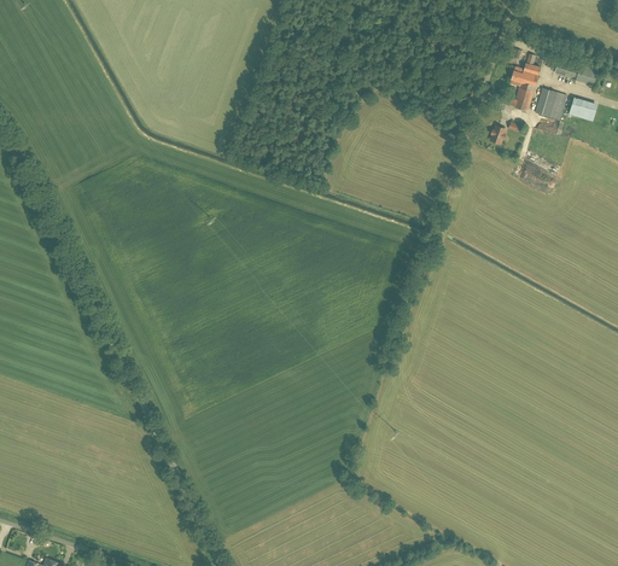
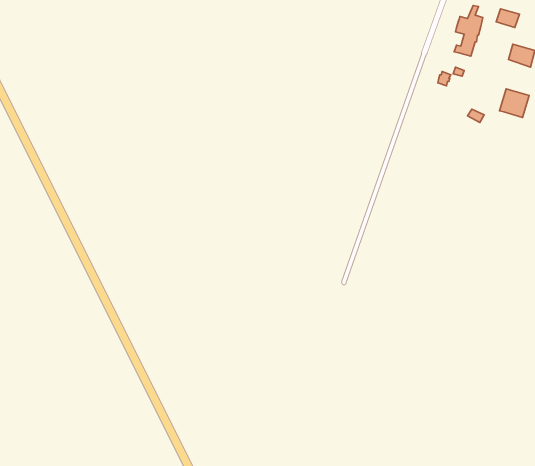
building: [535,88,567,119] -> [499,89,529,117]

